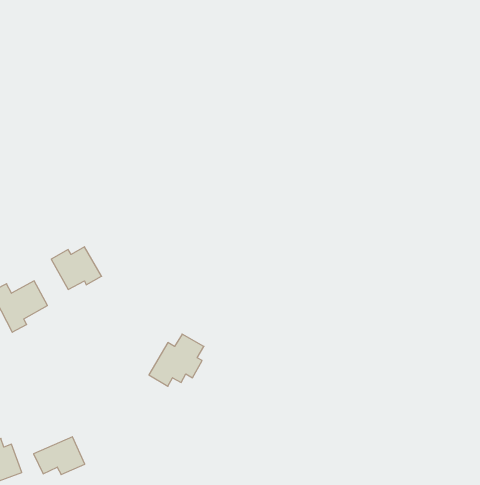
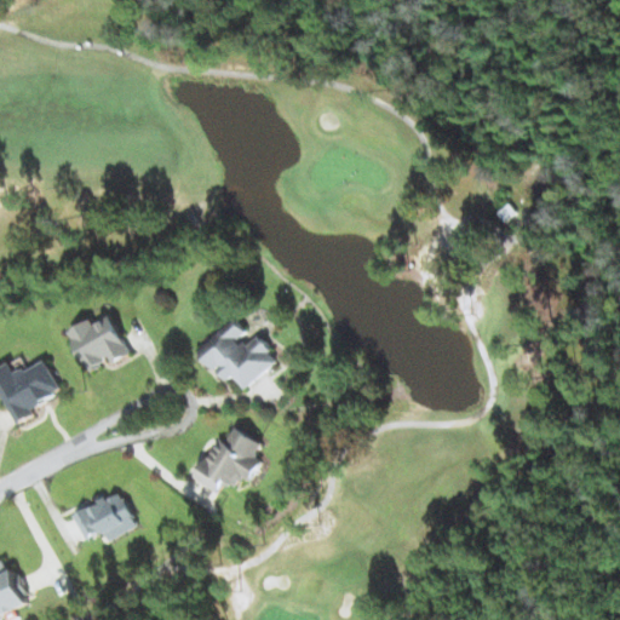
building: none -> [196,318,276,389]
building: [34,437,85,475] -> [70,492,136,540]

